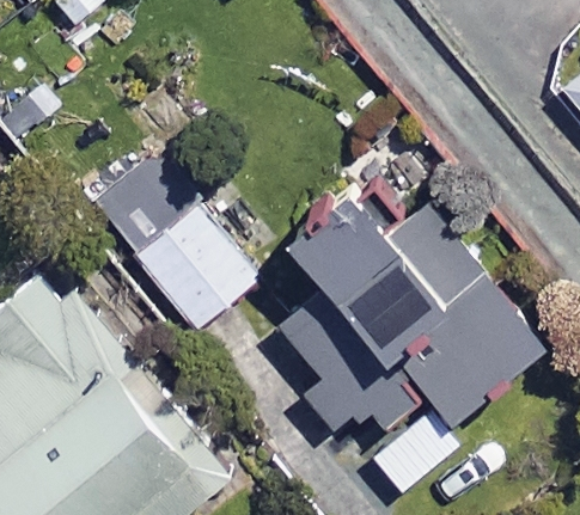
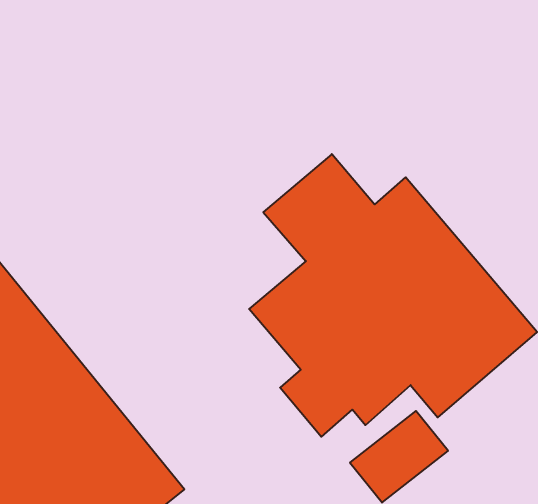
building: [92,154,258,333] -> none

